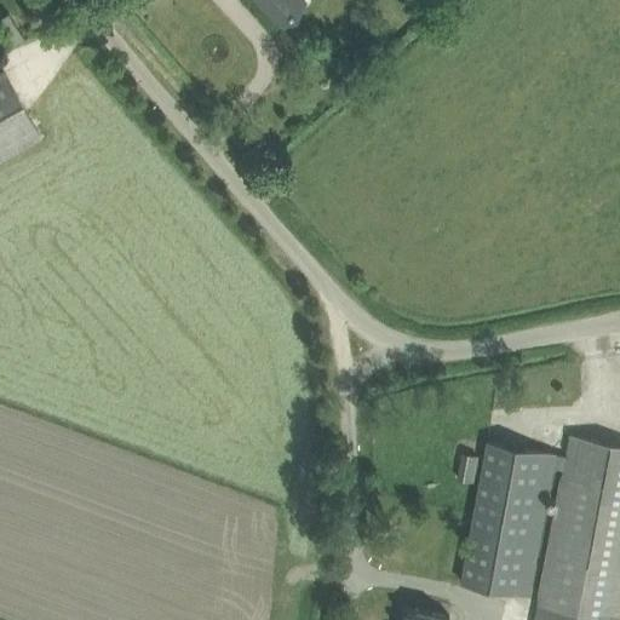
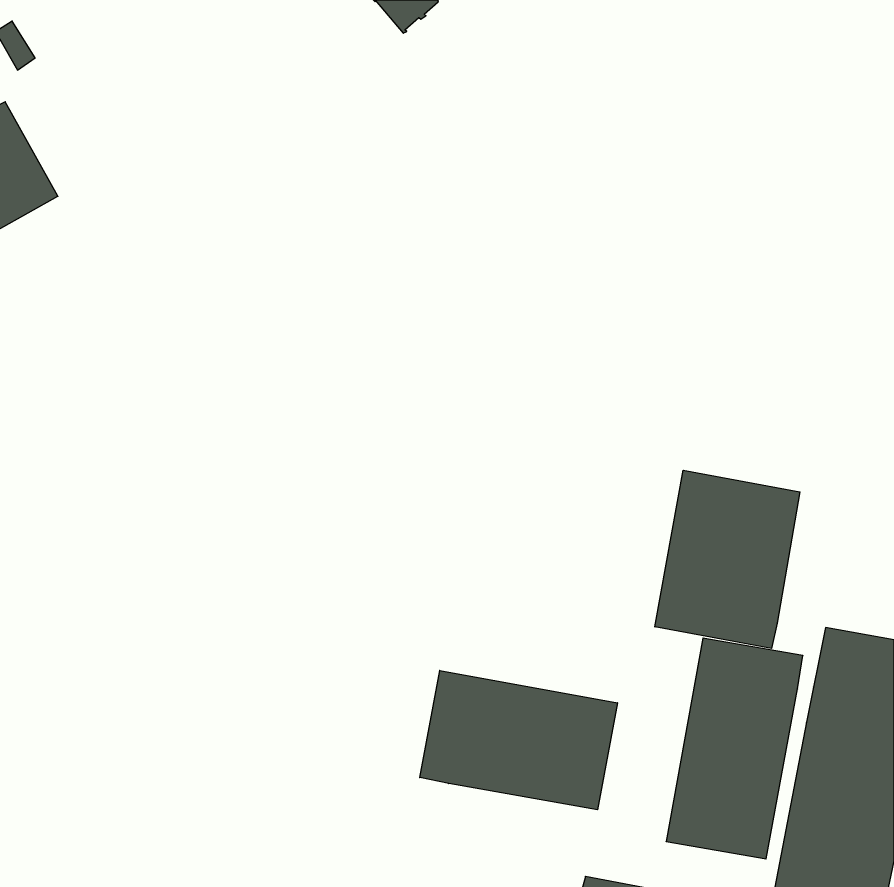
building: none -> [655,470,800,648]
building: none -> [420,670,617,810]

